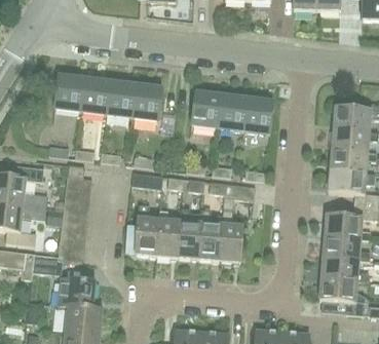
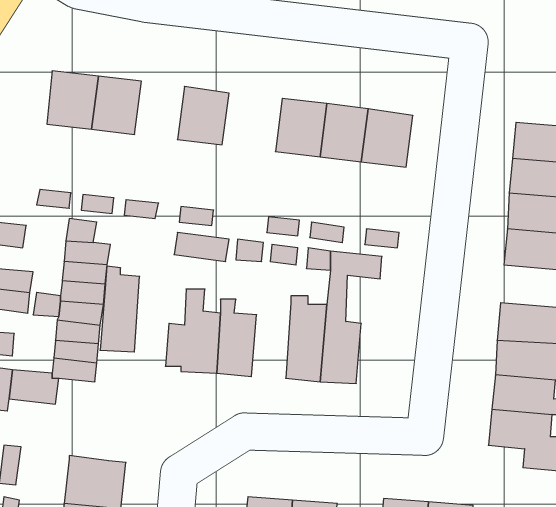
building: [107,81,137,116] -> none
building: [177,207,200,259] -> [100,266,140,352]
building: [56,277,94,308] -> none

